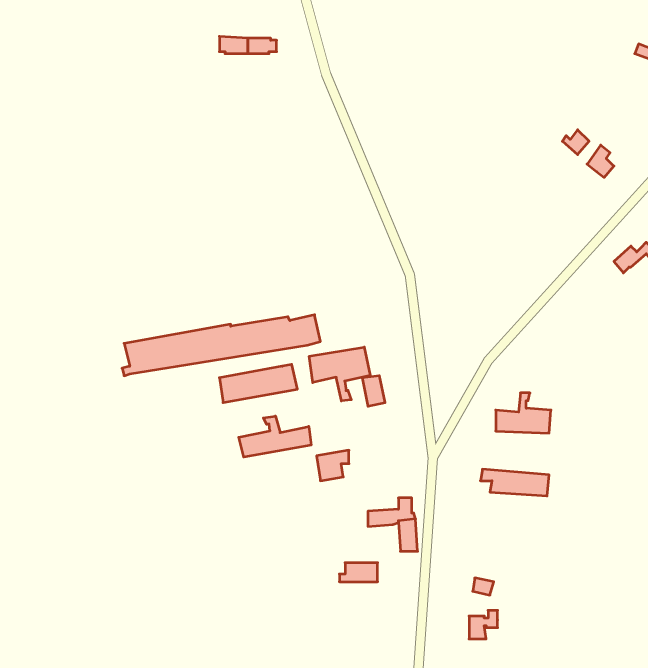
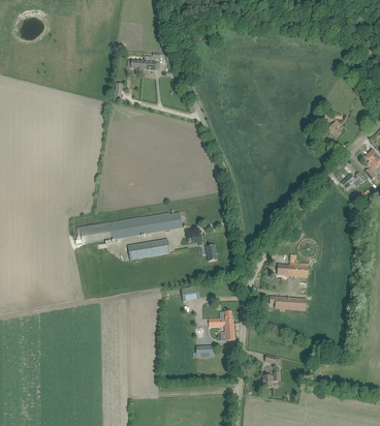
building: [309,347,370,401] -> none
building: [239,416,311,457] -> none

